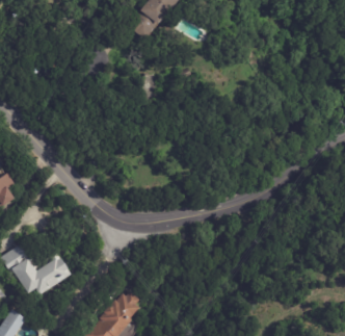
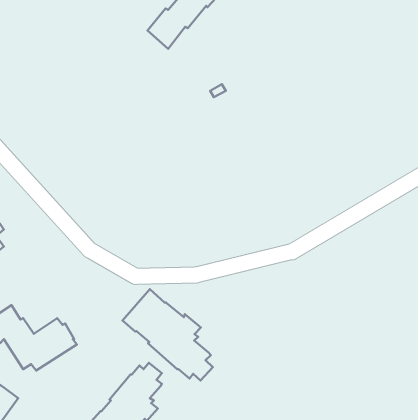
building: none -> [123,289,213,381]

